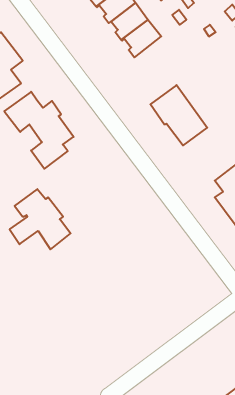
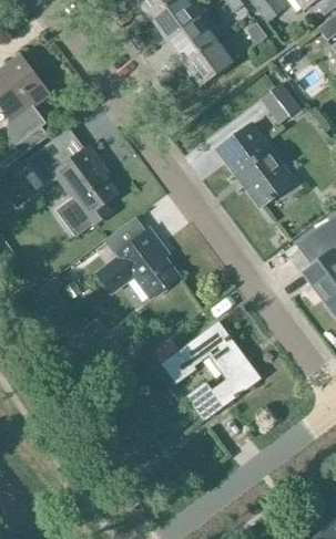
building: none -> [261,82,299,122]
building: [10,189,71,249] -> [98,217,179,297]
building: none -> [152,320,261,419]

